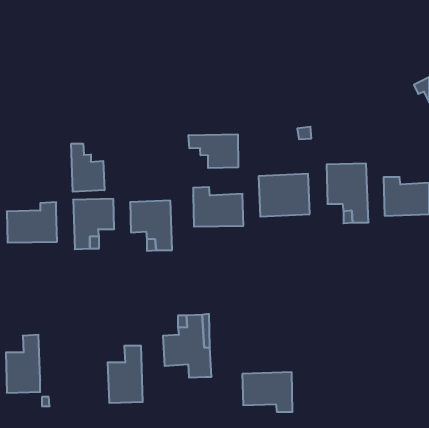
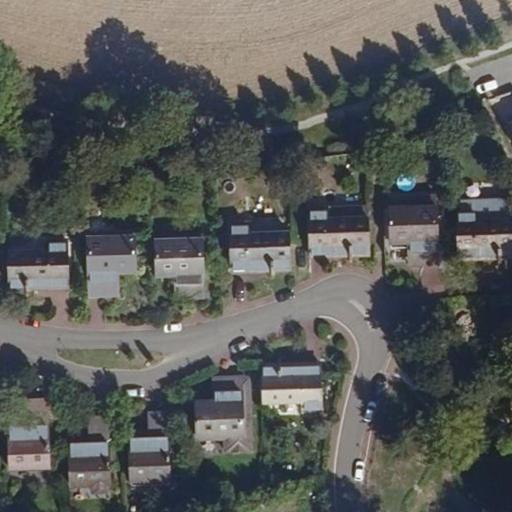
building: [189,134,238,168] -> none
building: [71,144,104,192] -> none
building: none -> [68,418,110,492]
building: [242,372,293,412] -> [262,366,322,413]

